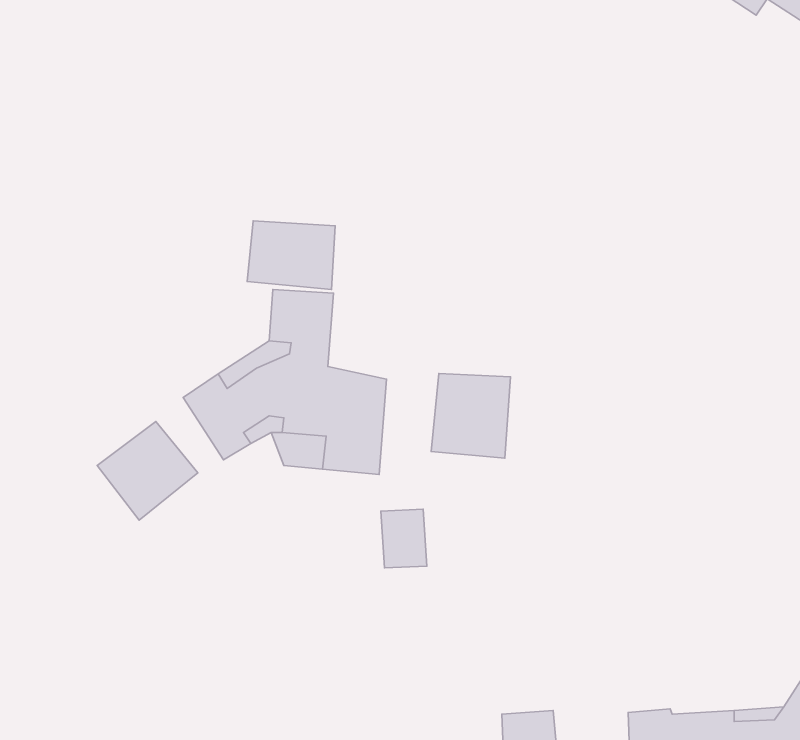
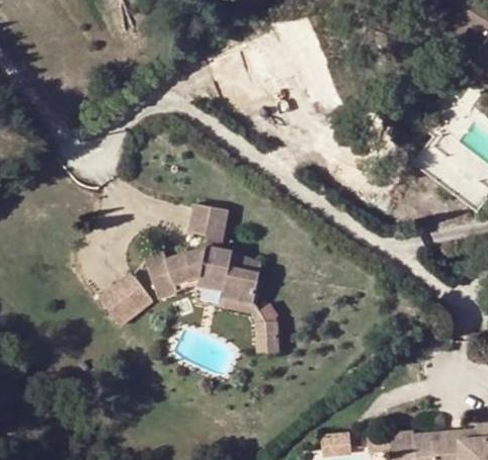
building: [247,221,335,289] -> none
building: [431,373,510,458] -> none

